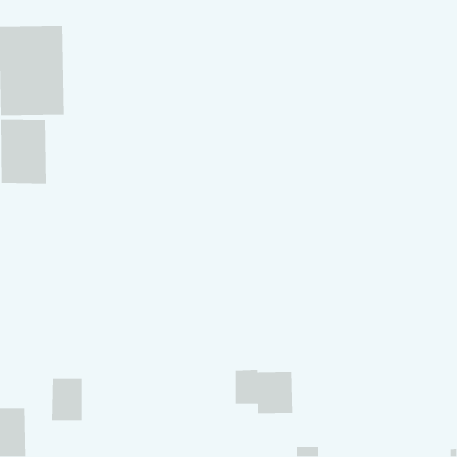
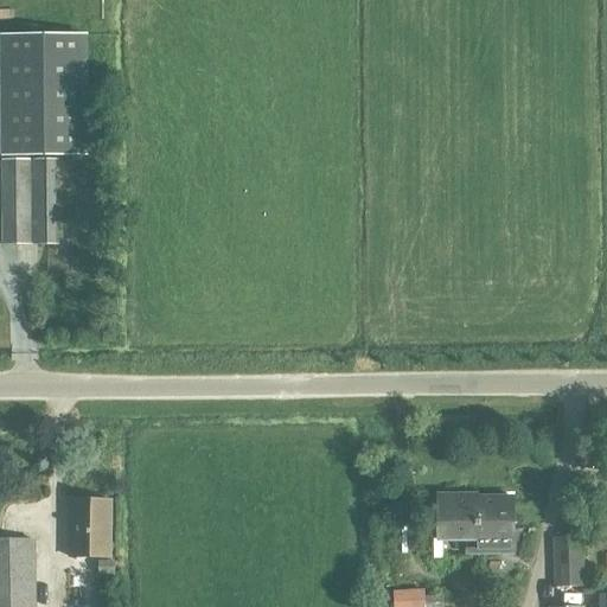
building: [235,369,293,414] -> [436,492,513,551]
building: none -> [551,533,582,584]

